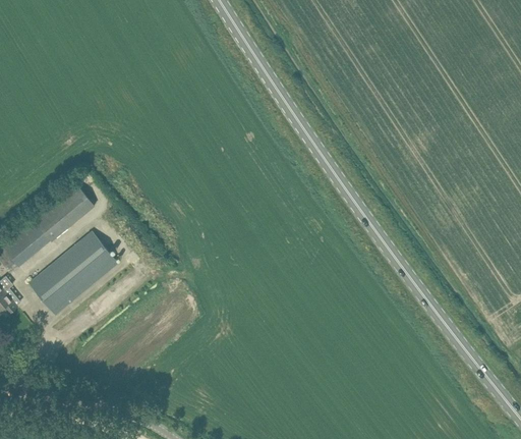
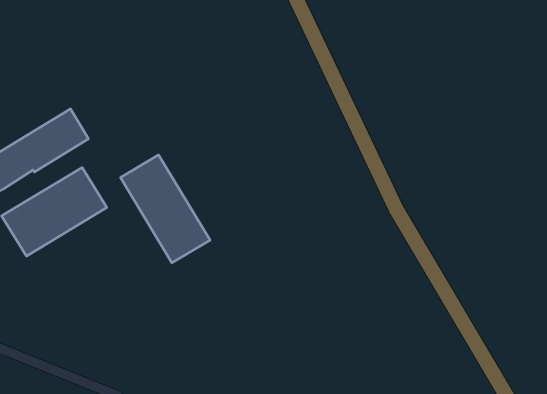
building: none -> [120,155,210,263]

